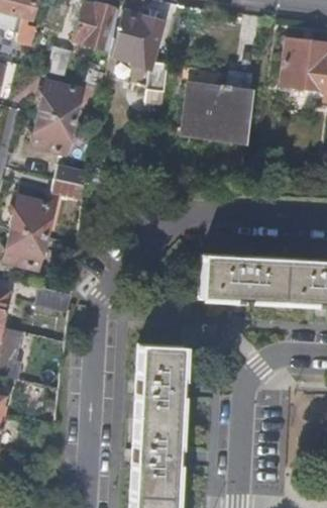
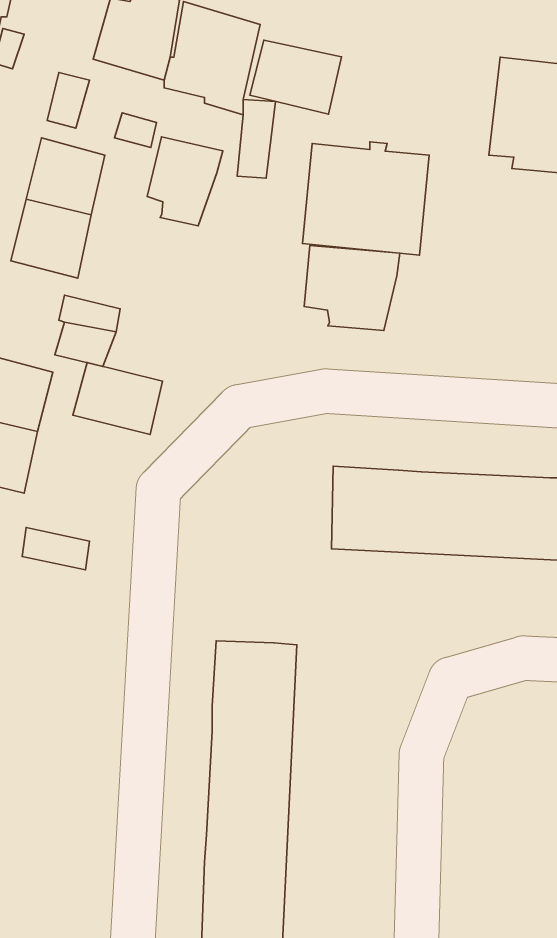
building: none -> [250,40,341,114]
building: none -> [147,137,223,226]
building: none -> [304,245,400,330]
building: none -> [73,363,162,434]

